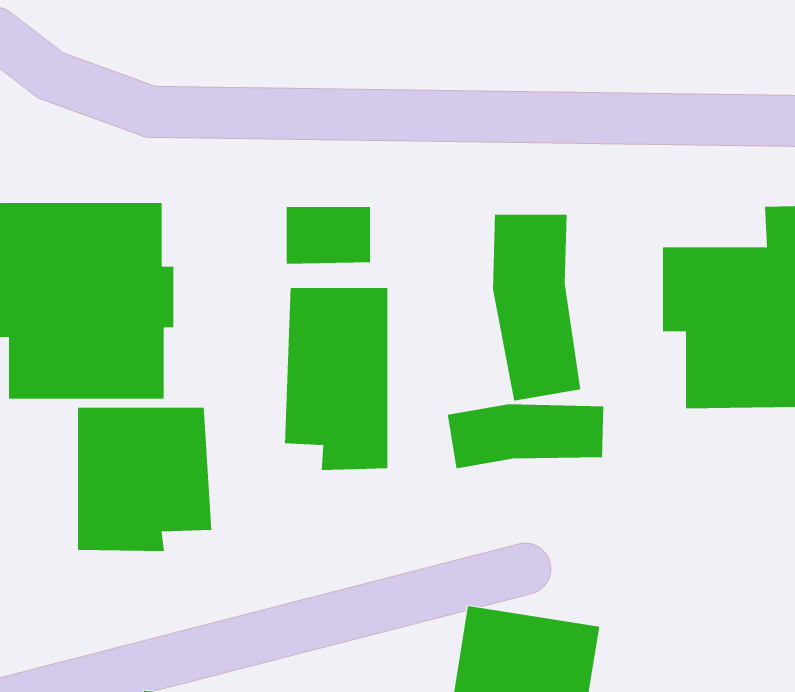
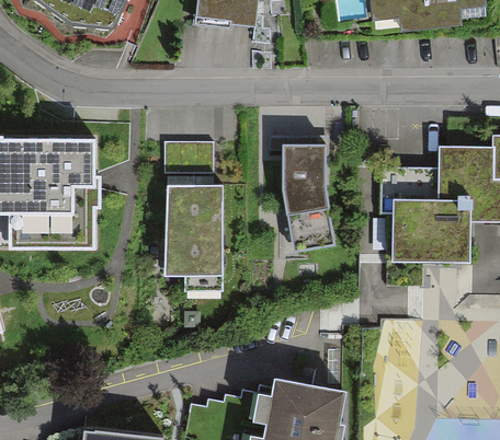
building: [447,404,604,469] -> none
building: [78,407,212,552] -> none

